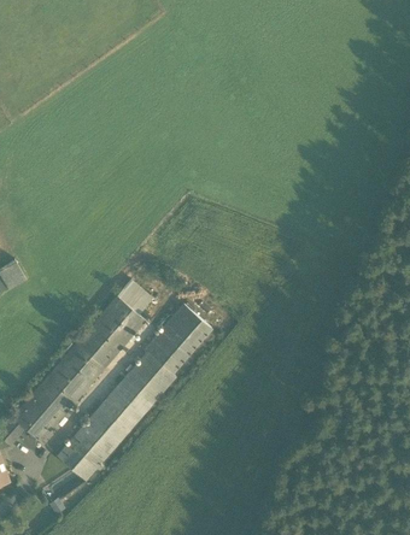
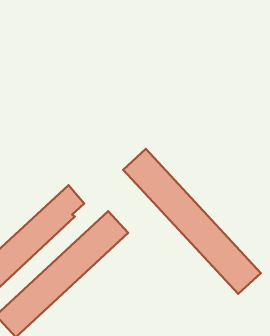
building: none -> [123,149,261,294]

